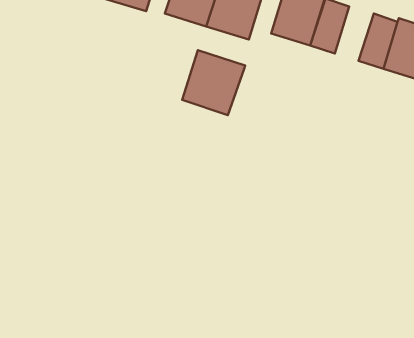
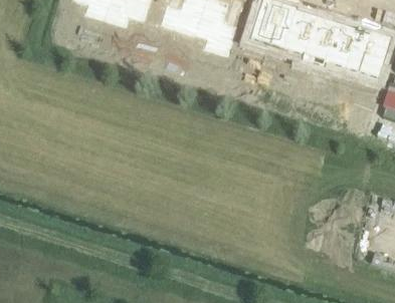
building: none -> [305,16,338,62]
building: [182,50,245,115] -> none

